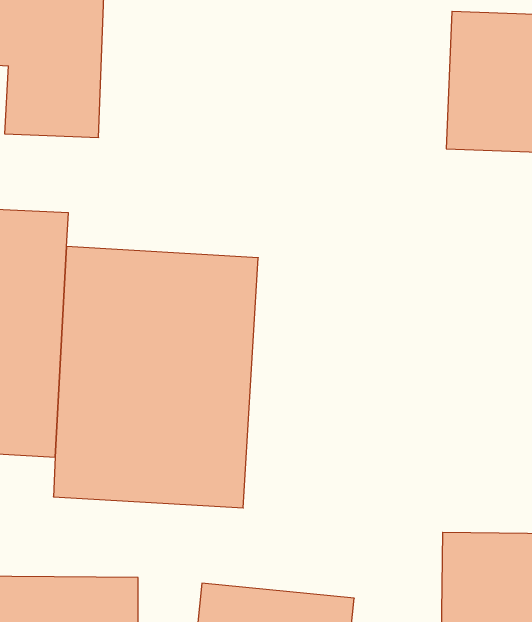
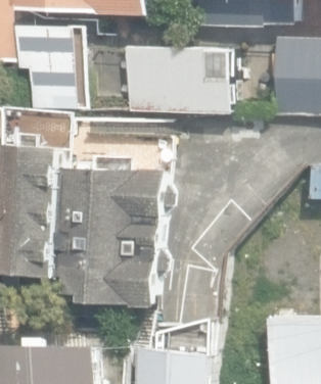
building: none -> [125,41,234,110]

